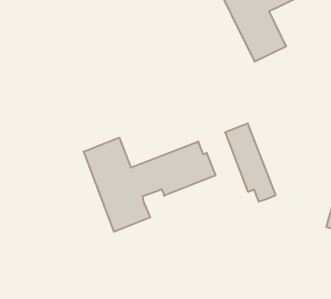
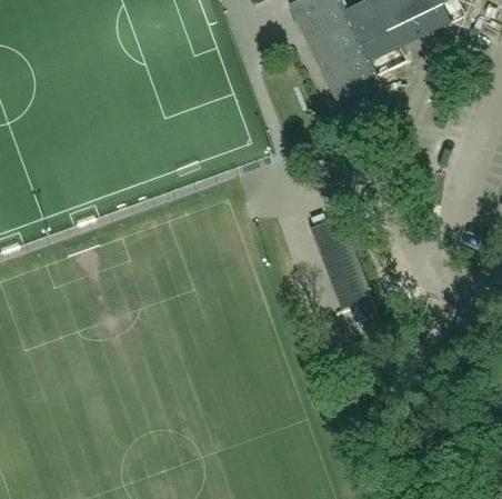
building: [84,138,215,232] -> none

